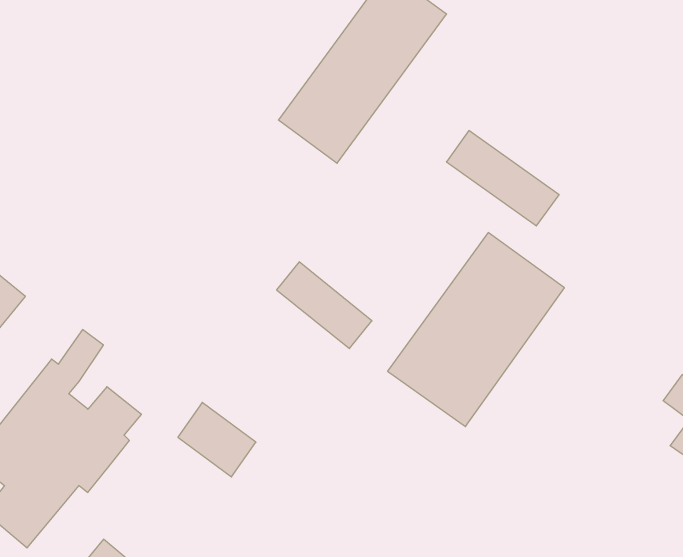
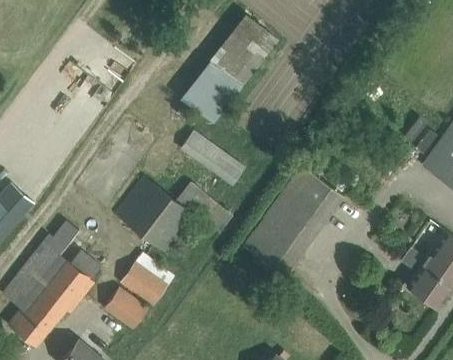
building: [446,131,559,226] -> [181,129,246,184]
building: none -> [114,174,198,255]
building: none -> [103,289,148,331]

